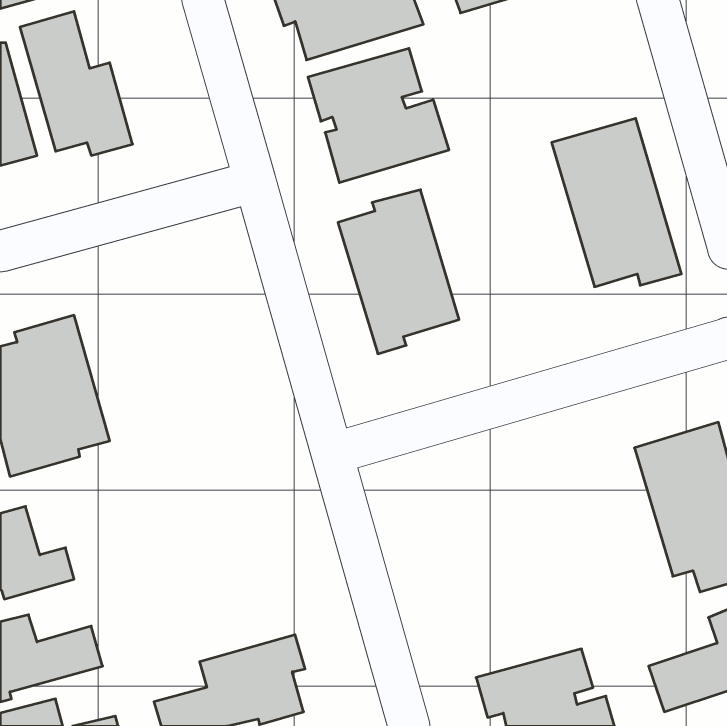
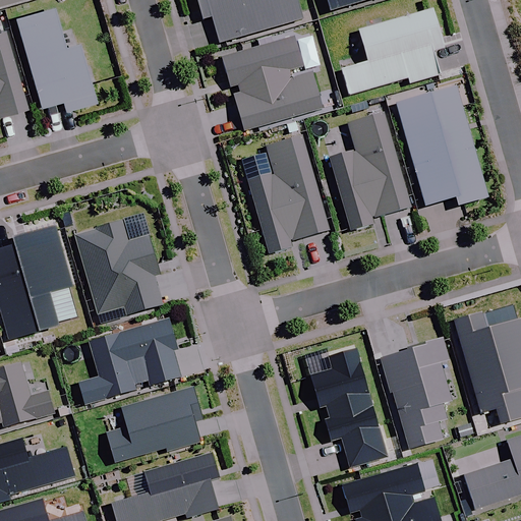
building: none -> [341,8,444,94]
building: none -> [329,111,411,230]
building: none -> [75,220,162,322]
building: none -> [79,319,180,404]
building: none -> [381,337,451,448]
building: none -> [311,348,388,467]
building: none -> [107,386,202,462]

